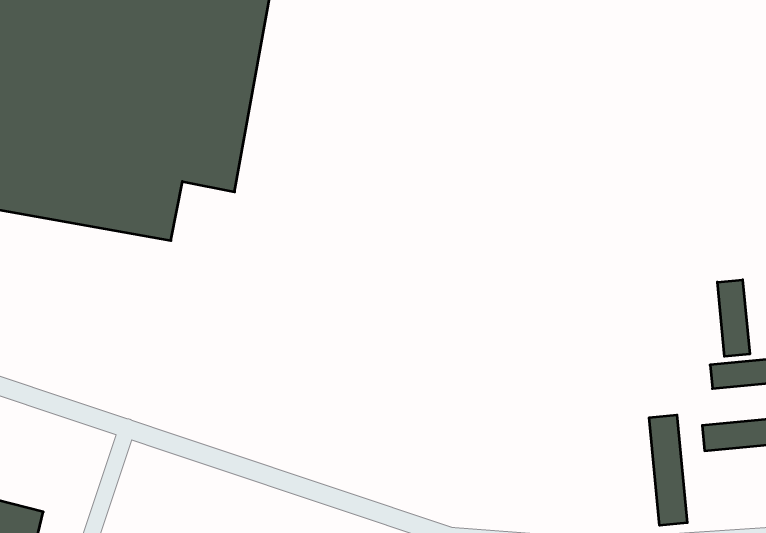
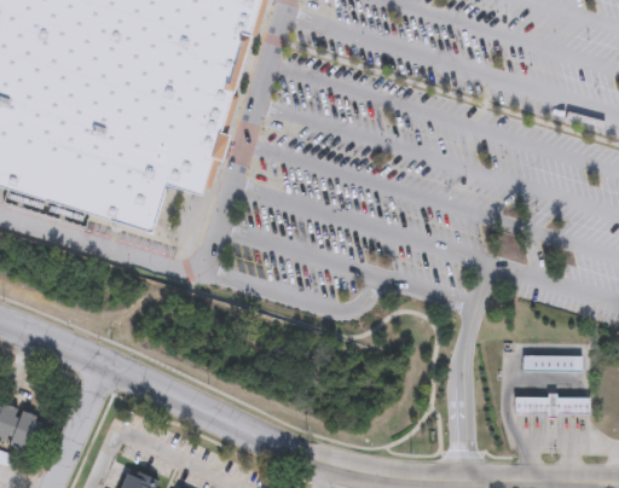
building: [717,280,750,356] -> none
building: [649,415,687,525] -> none

